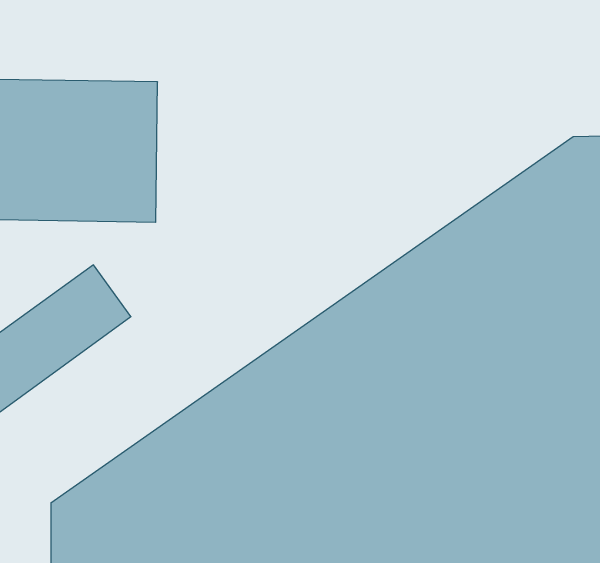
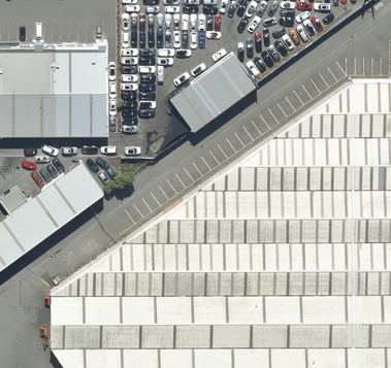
building: none -> [168,51,257,128]

